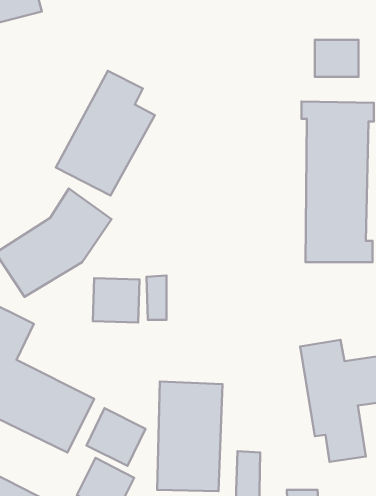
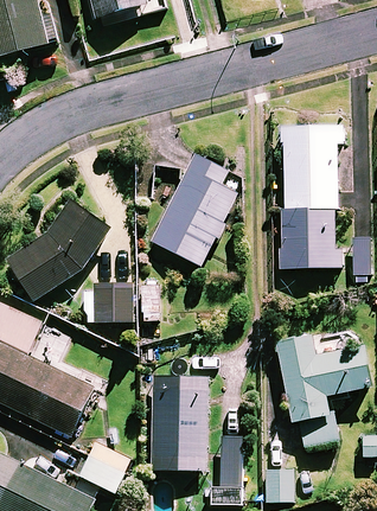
building: [315,40,359,77] -> none
building: [56,71,155,196] -> [151,155,238,266]
building: [86,408,146,466] -> none

